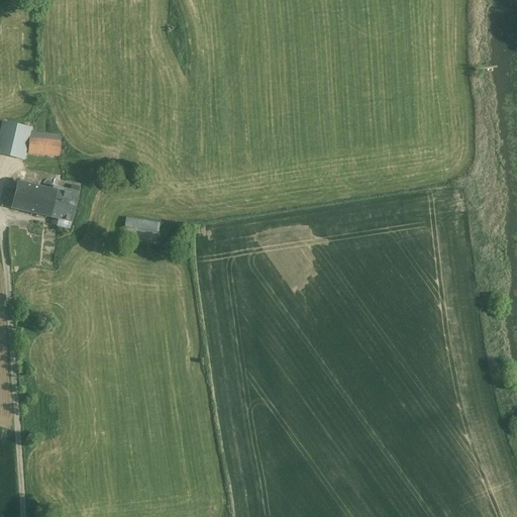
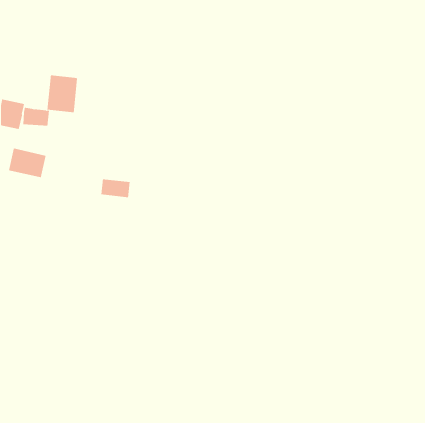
building: none -> [47,75,78,113]
building: [50,186,78,227] -> none

